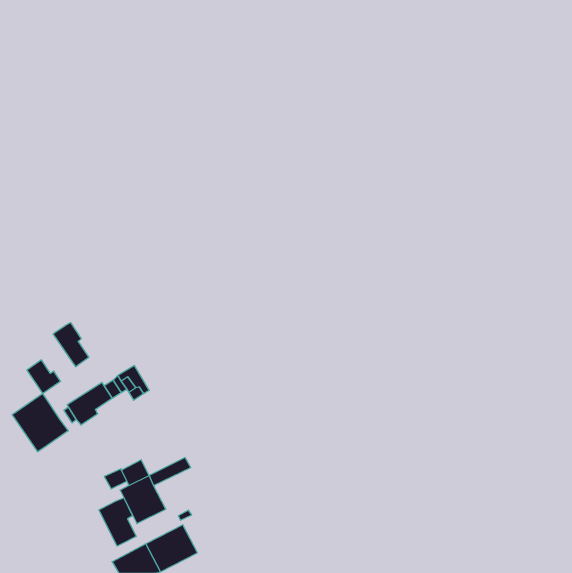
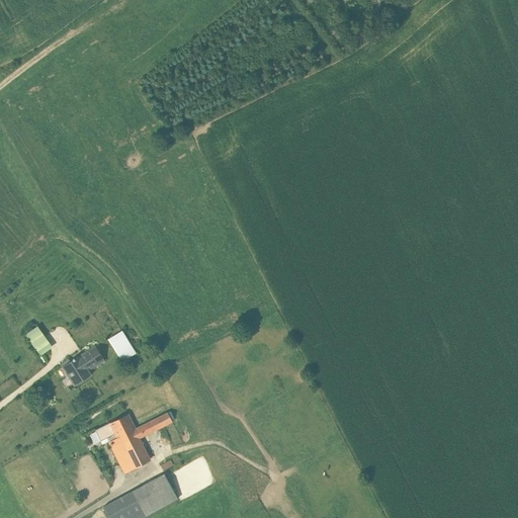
building: [53,323,89,367] -> none
building: [12,394,68,452] -> none
building: [99,498,136,546] -> none

